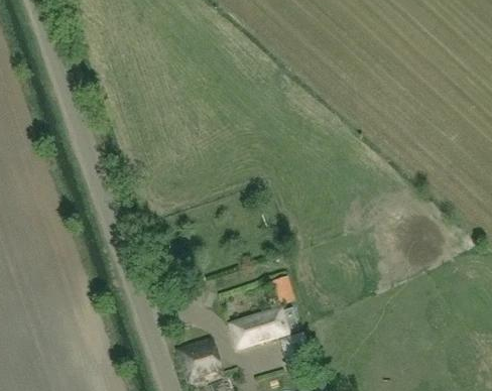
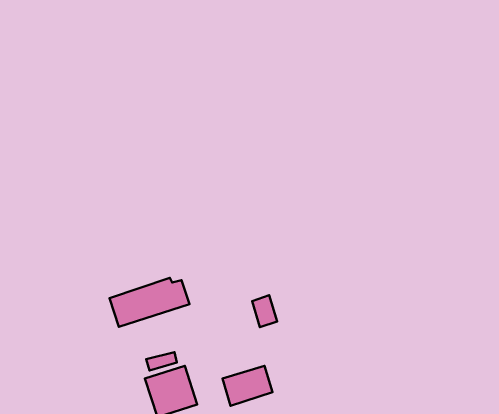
building: [227,305,297,349] -> [110,278,189,327]

